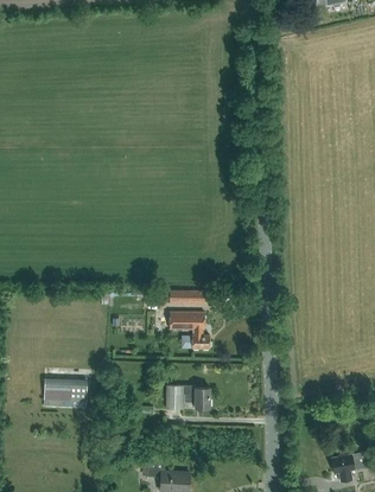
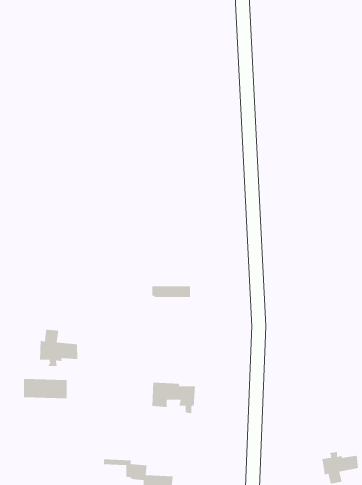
building: [170,312,209,349] -> none
building: none -> [39,329,78,367]

